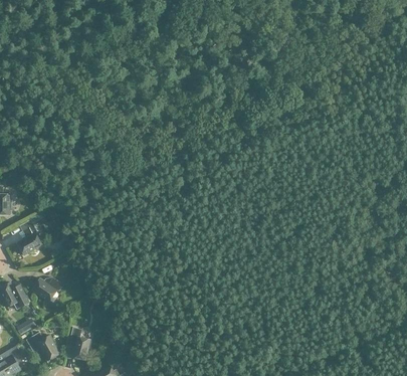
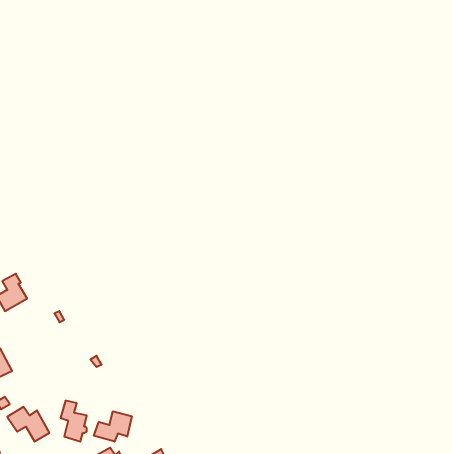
building: [31,277,62,302] -> none
building: none -> [94,411,132,442]

